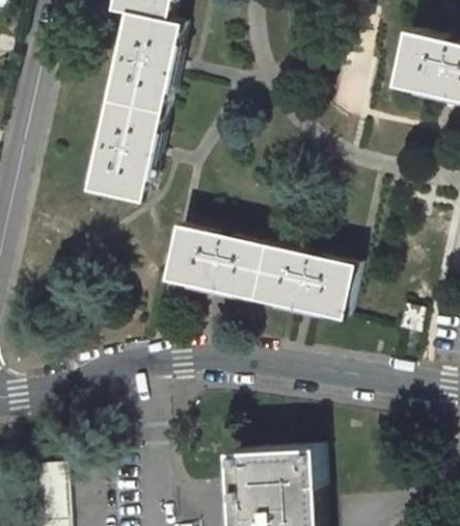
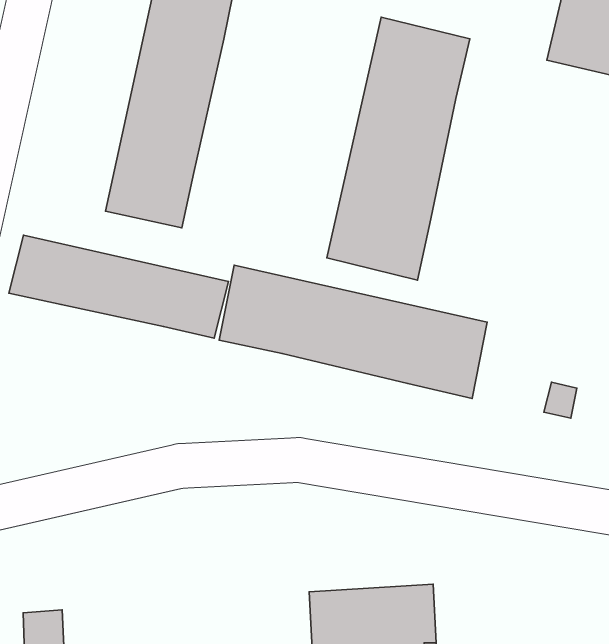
building: none -> [327,17,470,280]
building: none -> [9,235,229,338]

